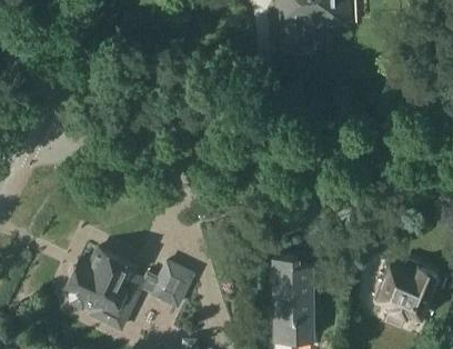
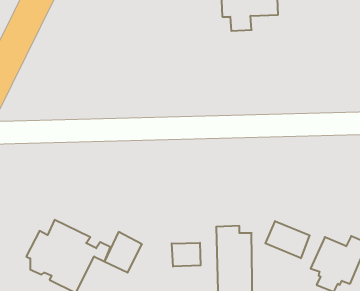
building: none -> [265,221,310,258]
building: none -> [172,243,201,267]

